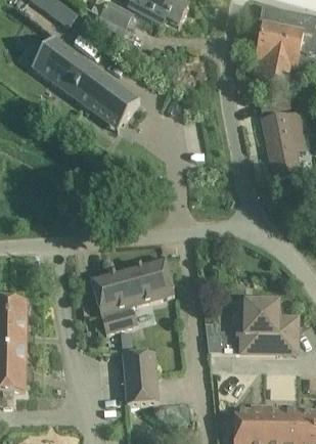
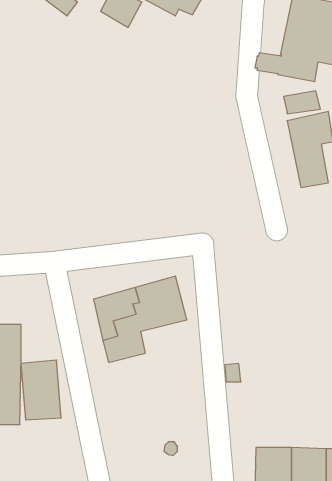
building: [32,37,139,122] -> none
building: [240,301,298,353] -> none
building: [123,351,159,404] -> [21,360,61,420]

